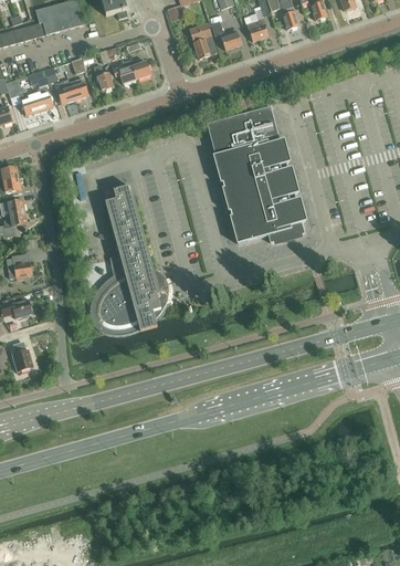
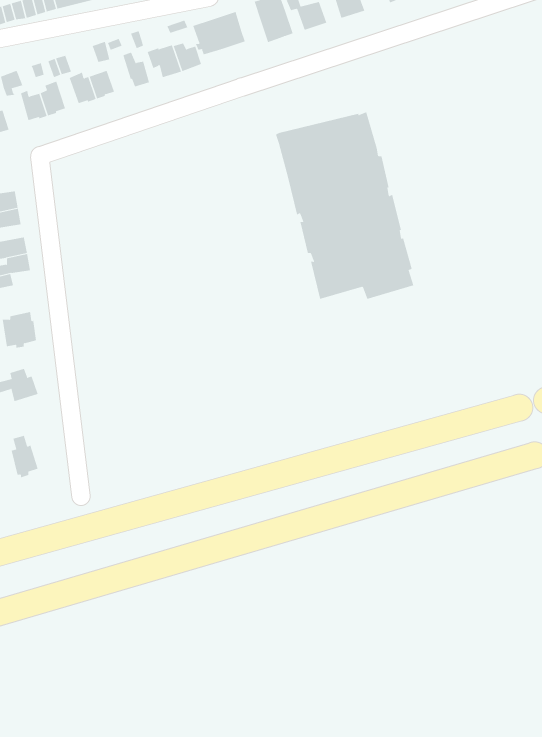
building: none -> [193,11,245,55]
building: [90,186,169,332] -> none

